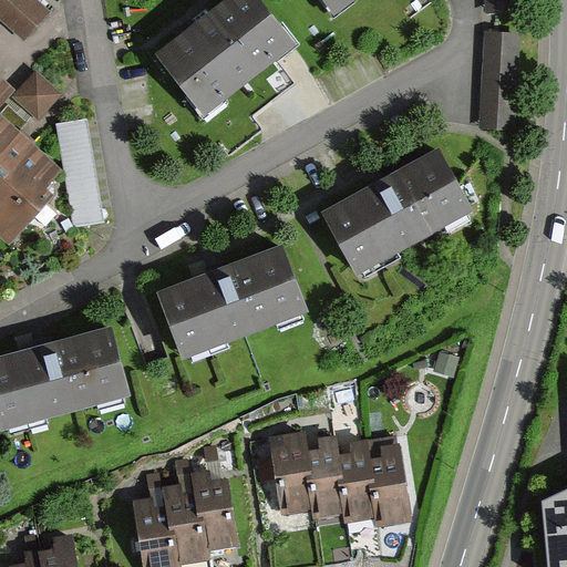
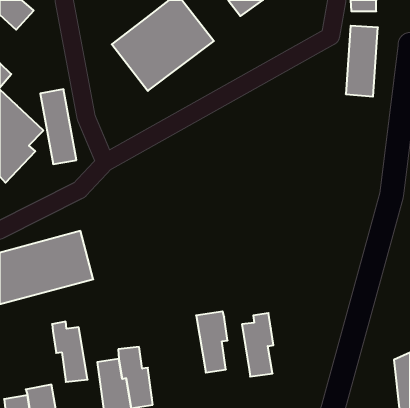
building: [14,80,60,125] -> none
building: [321,145,471,270] -> none
building: [157,239,308,355] -> none
building: [306,437,343,518] -> none
building: [369,443,412,528] -> none
building: [190,468,239,551] -> [52,322,88,382]

